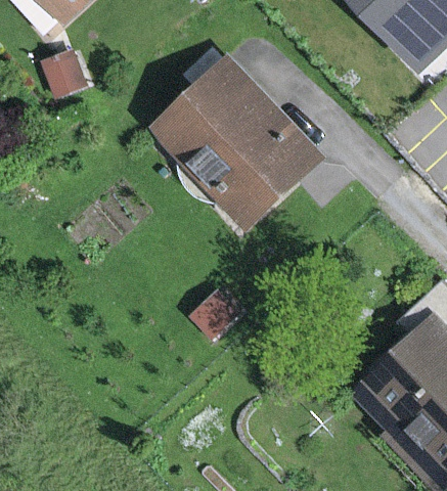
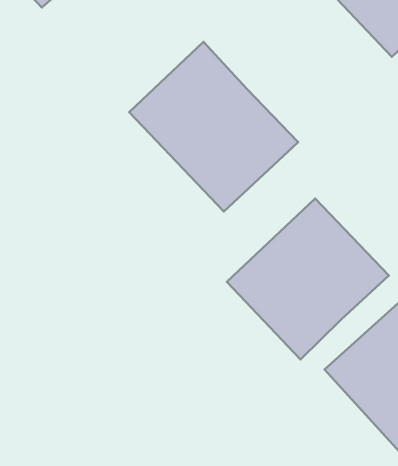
building: none -> [227,199,389,360]

